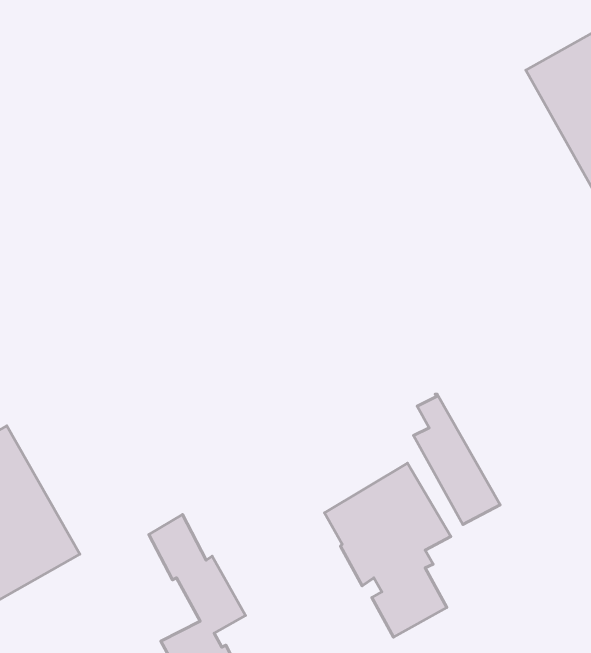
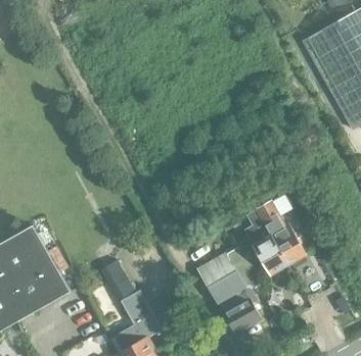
building: none -> [256,200,307,265]

